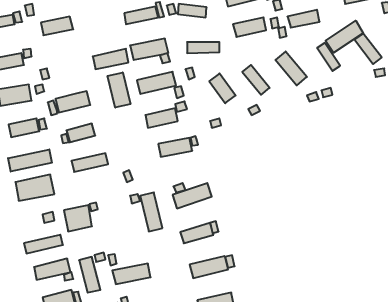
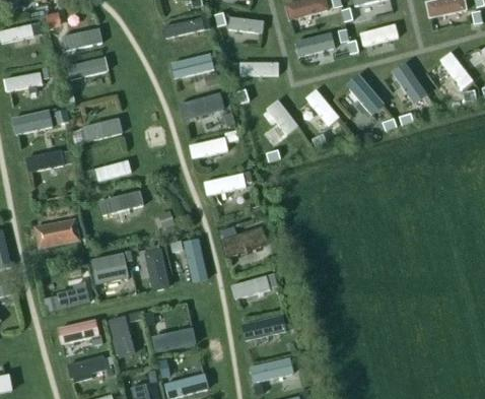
building: [326,21,363,53] -> none
building: [93,49,128,69] -> [66,57,109,81]
building: [108,72,130,108] -> none
building: [8,149,52,172] -> none
building: none -> [144,251,168,293]

